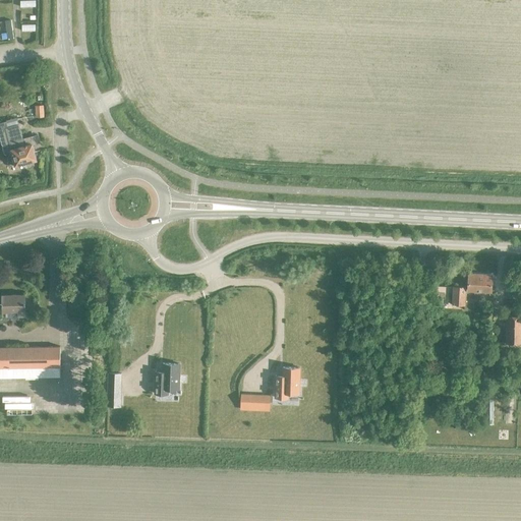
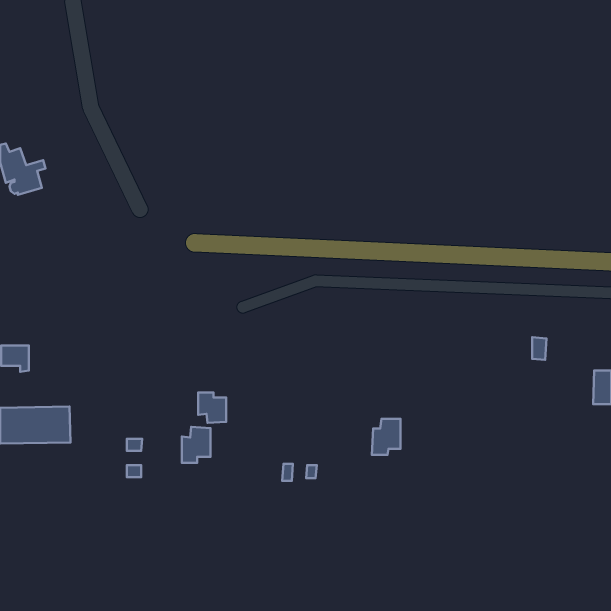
building: [468,274,491,292] -> none
building: none -> [198,392,226,423]
building: [275,367,299,398] -> [372,419,401,455]

